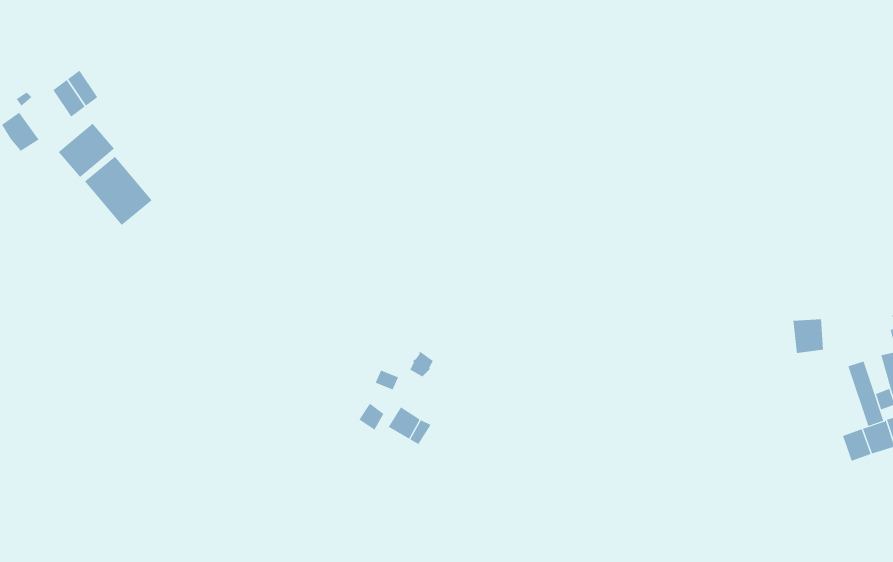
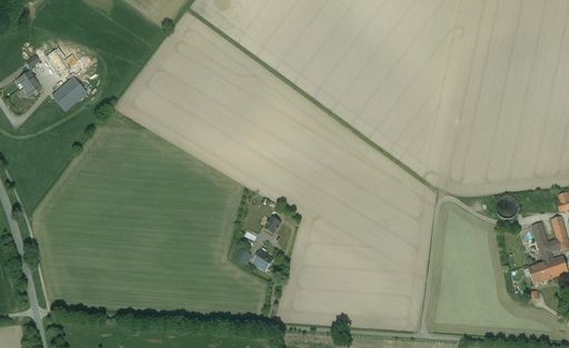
building: [84,156,152,226] -> none

